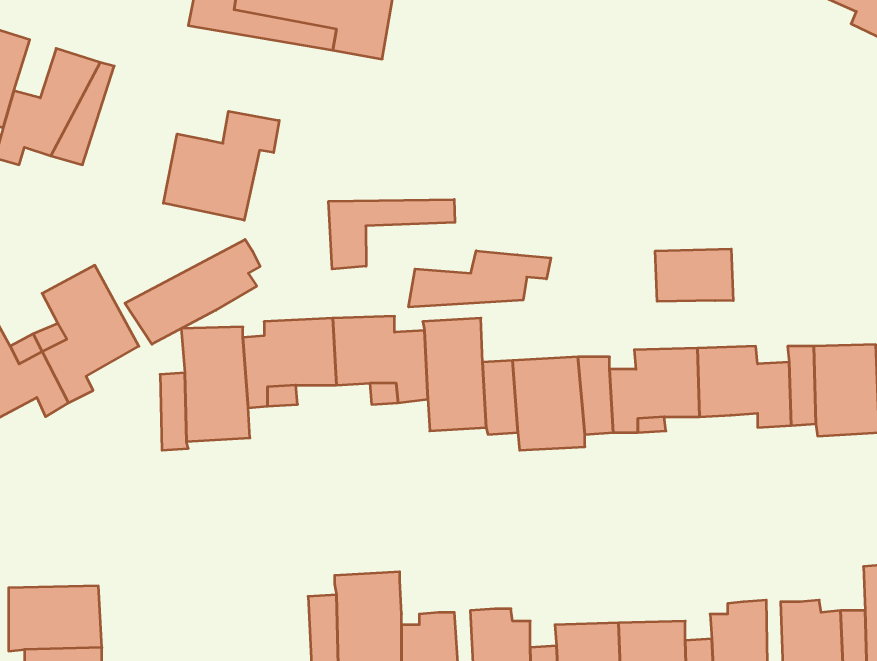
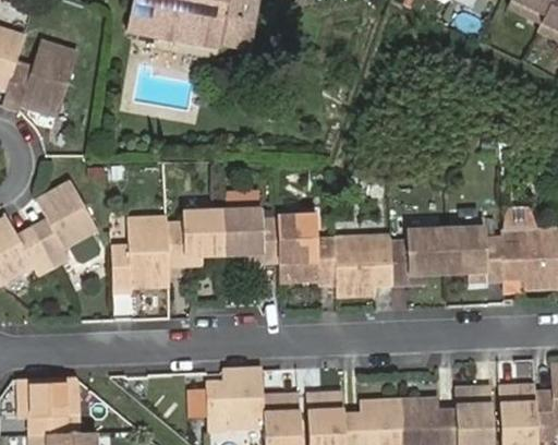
building: [163,111,279,220] -> none
building: [329,199,455,269] -> none
building: [125,239,260,344] -> none
building: [655,249,733,301] -> none
building: [409,251,551,307] -> none

